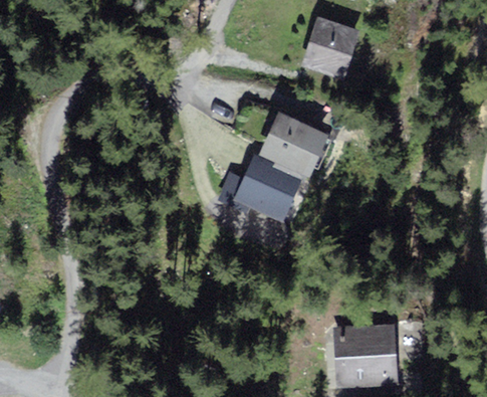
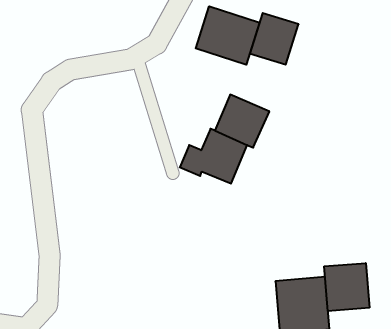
building: none -> [196,6,260,65]
building: none -> [324,263,369,311]

